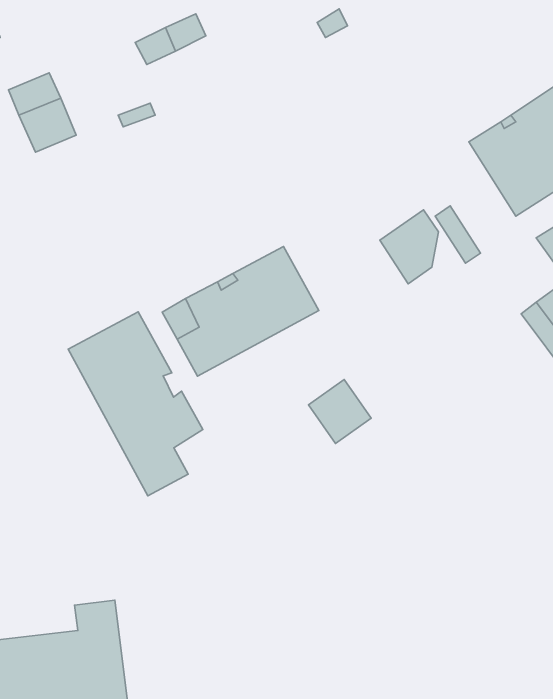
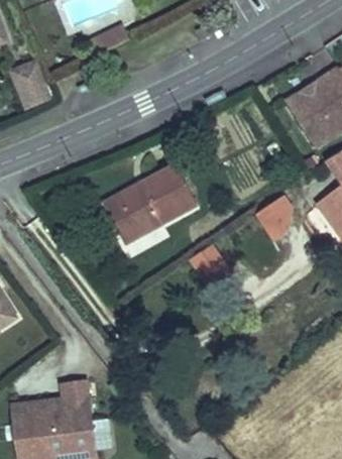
building: [380,210,439,284] -> [258,195,294,239]
building: [68,312,203,496] -> none

